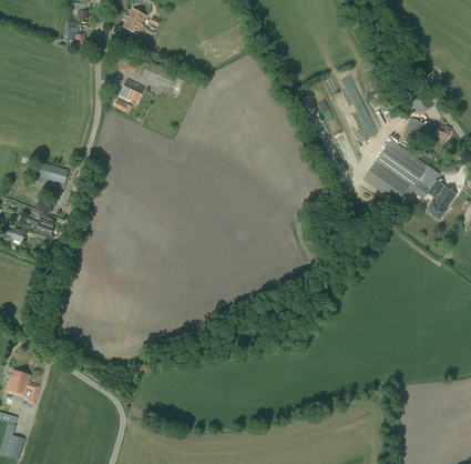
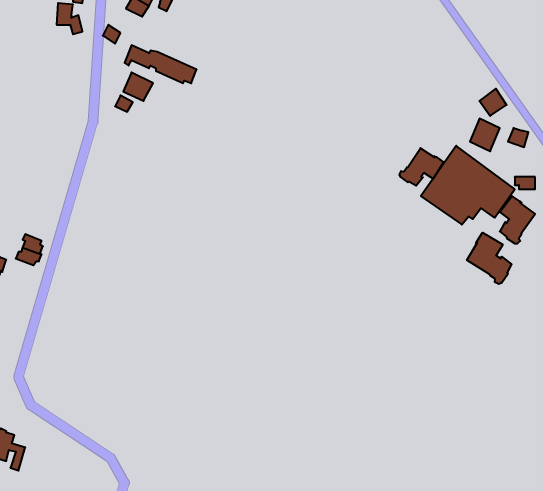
building: none -> [400,148,444,186]
building: [35,162,68,189] -> none
building: none -> [467,233,512,284]

